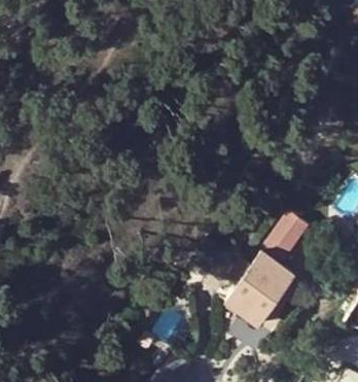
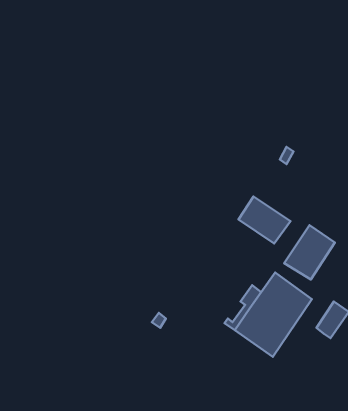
building: none -> [239,196,291,244]

